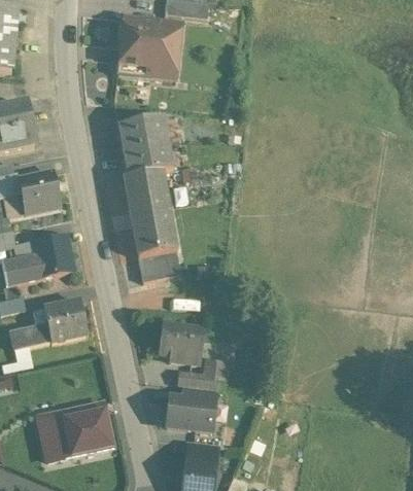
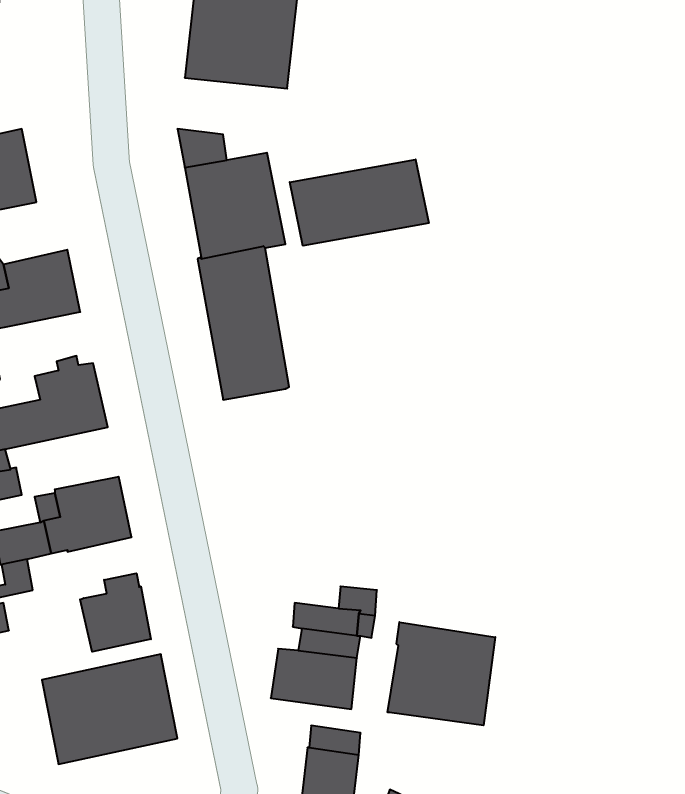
building: none -> [290,159,429,246]
building: [139,250,178,280] -> none
building: [161,323,202,363] -> none
building: none -> [80,573,151,652]
building: none -> [388,622,495,725]

